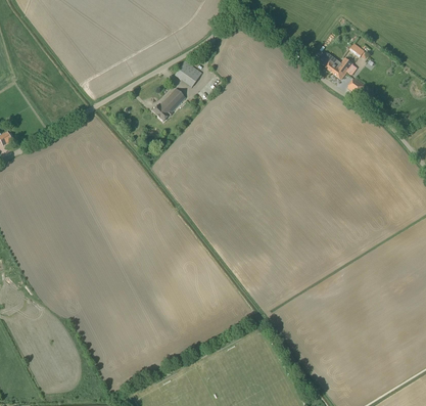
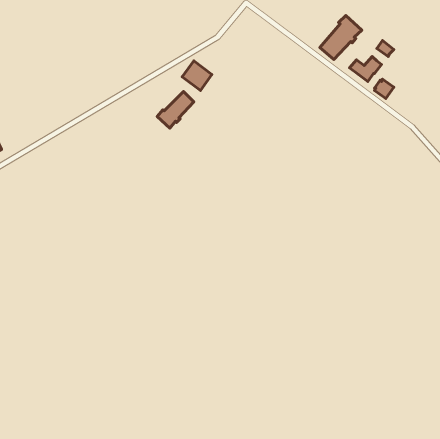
building: none -> [320,15,362,60]

